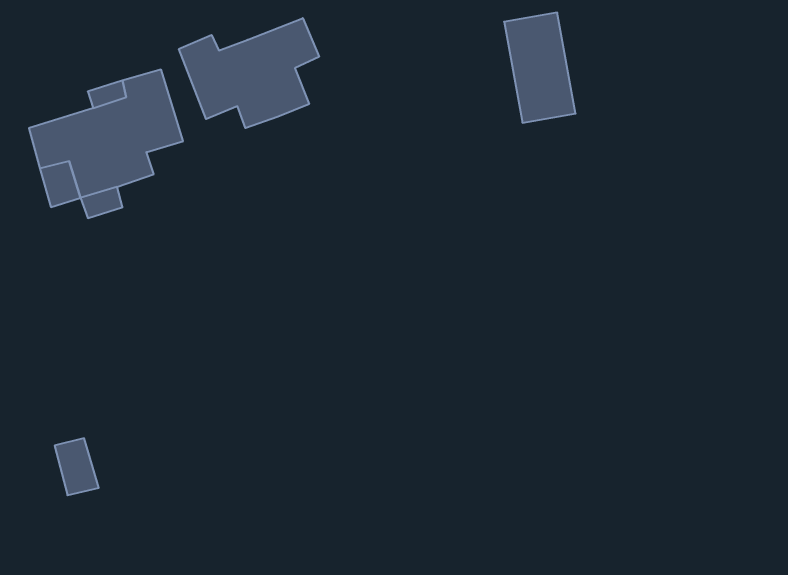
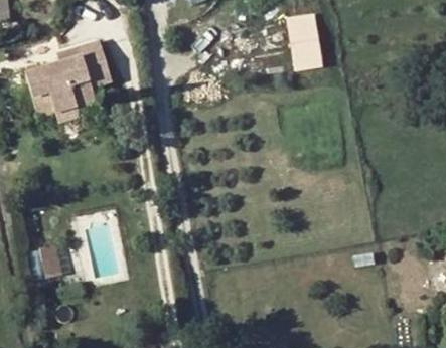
building: [179,18,319,128] -> none

